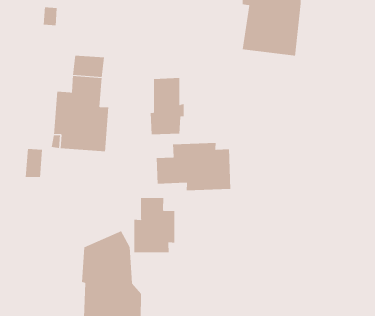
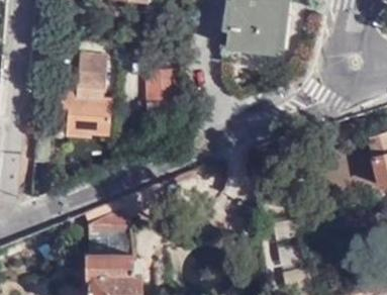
building: [156,142,231,191] -> none
building: [134,197,175,253] -> none

